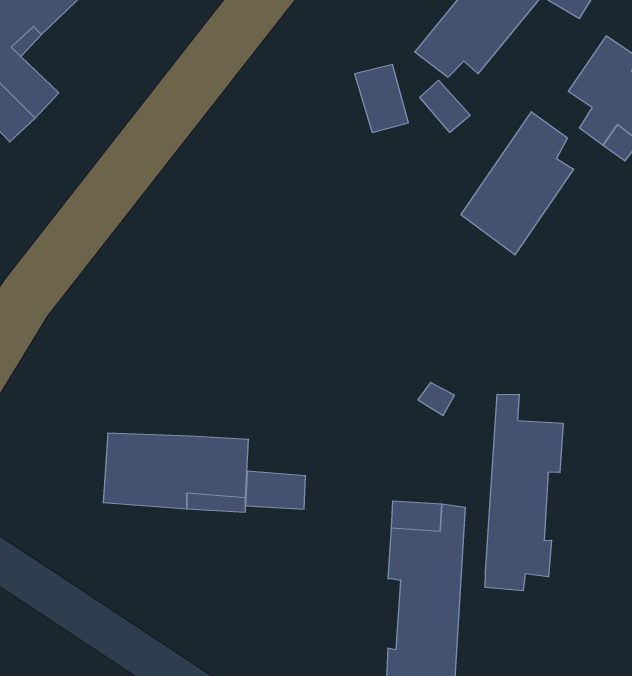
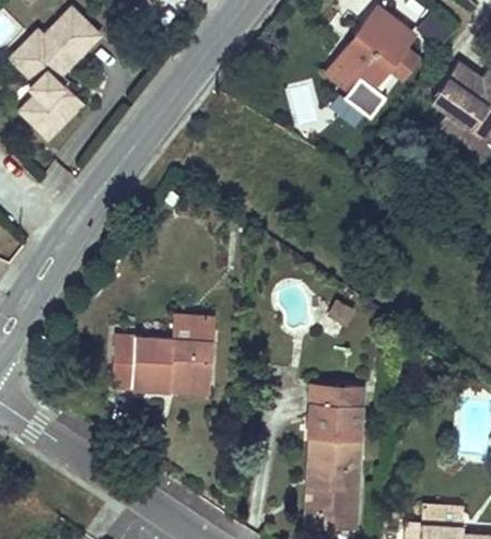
building: [461,112,574,255] -> none
building: [485,394,563,591] -> none
building: [245,471,306,509] -> [172,316,213,342]

